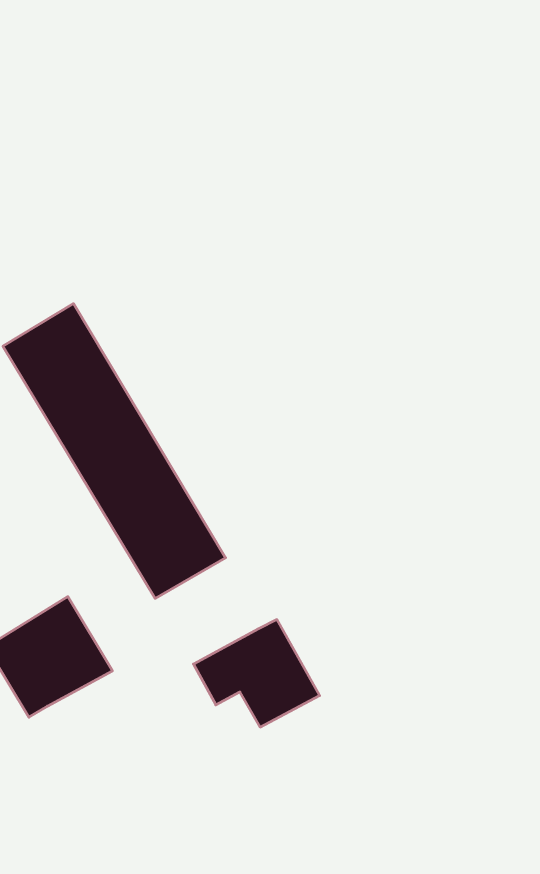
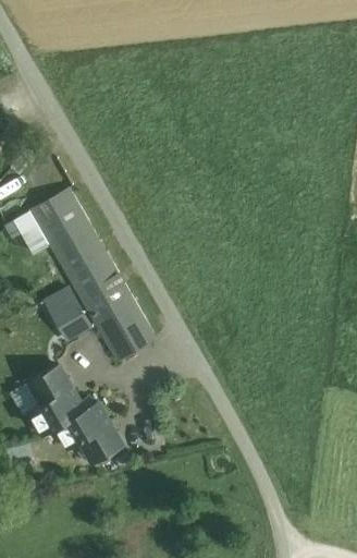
building: none -> [41,287,90,340]
building: [193,620,320,727] -> [53,399,127,462]

